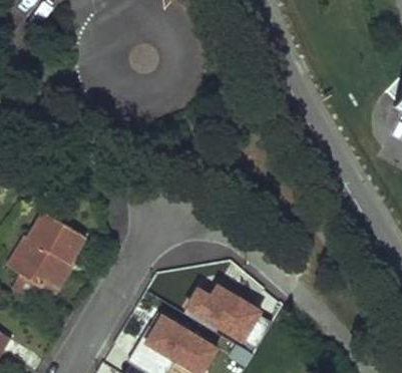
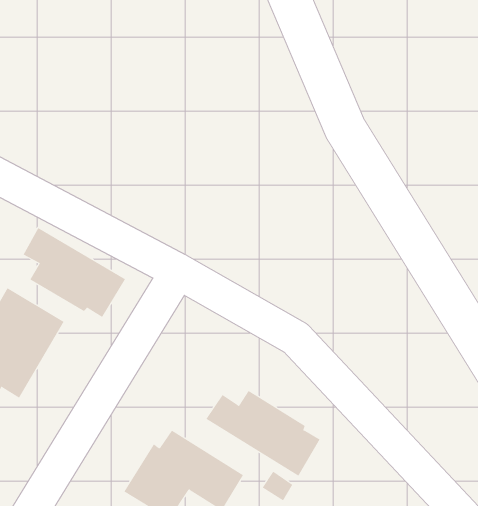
building: none -> [23,227,126,318]

